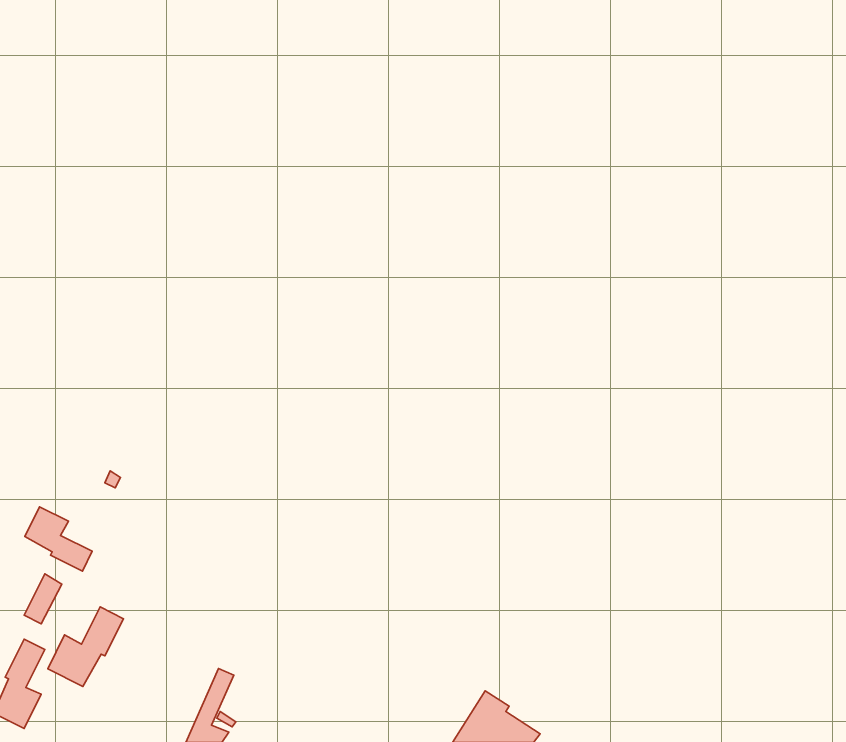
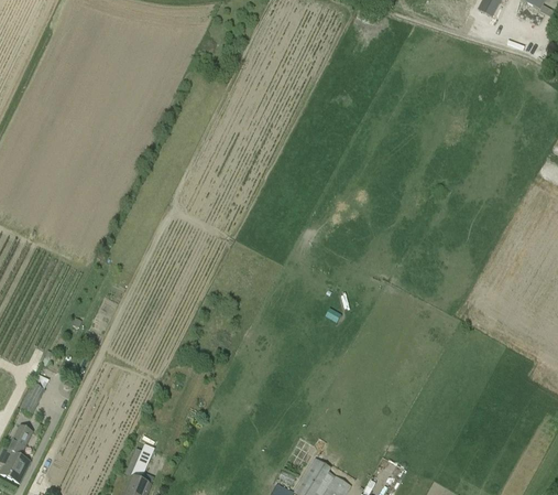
building: [25,507,92,571] -> none
building: [48,607,124,686] -> none

